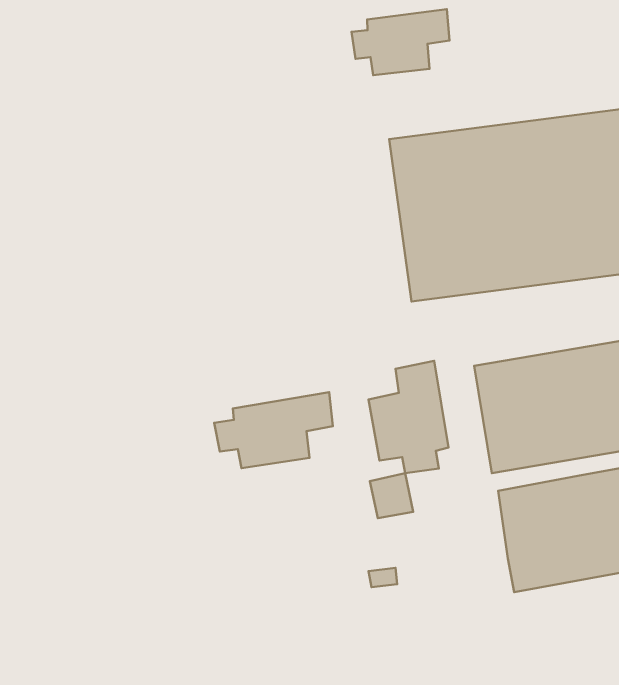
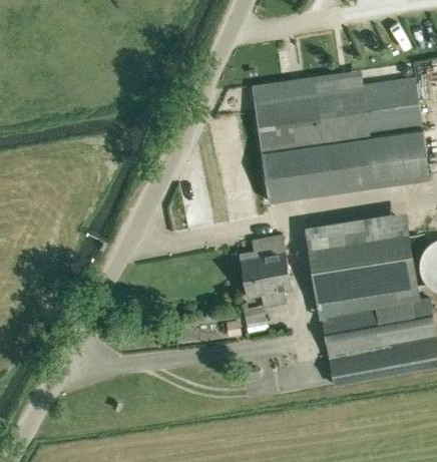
building: [351,9,449,75] -> none
building: [214,392,333,468] -> none

